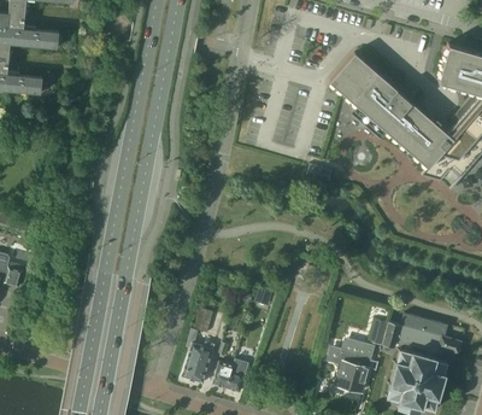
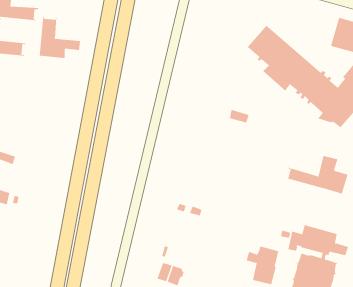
building: none -> [39,16,81,59]
building: none -> [284,155,348,194]
building: [181,309,214,382] -> none

